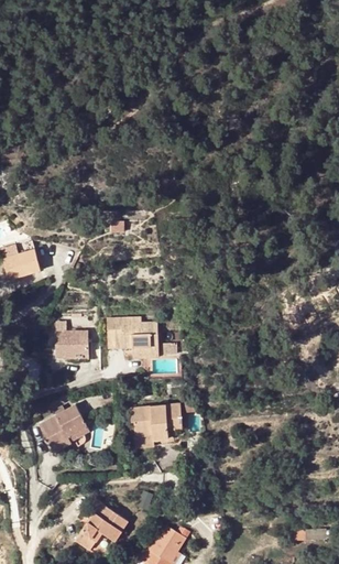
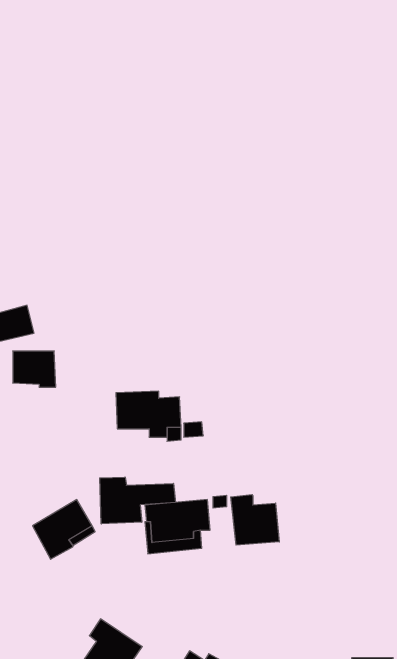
building: [56,332,90,360] -> [13,351,56,387]
building: none -> [100,477,175,524]
building: none -> [231,495,279,545]

